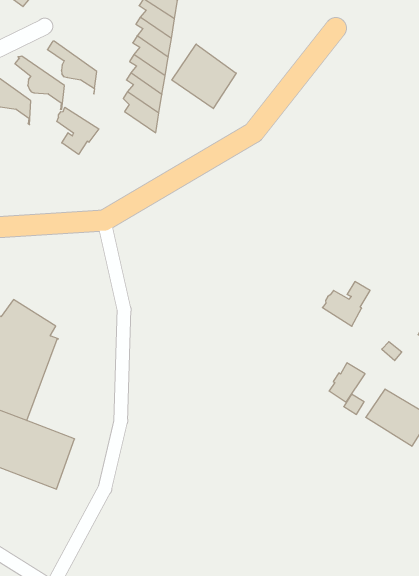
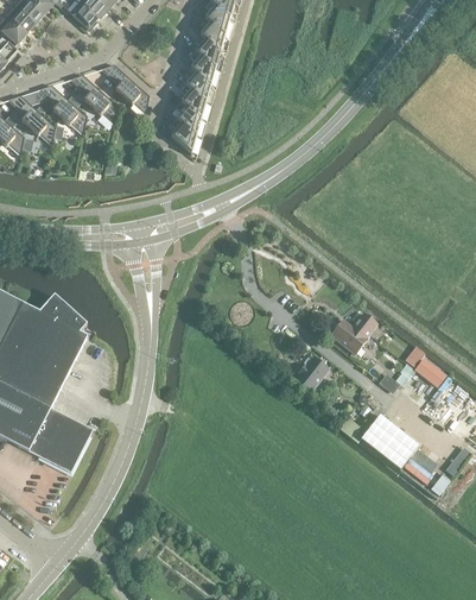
building: [172,44,236,109] -> none
building: [57,107,99,154] -> none
building: [329,363,365,402] -> [293,355,328,391]

